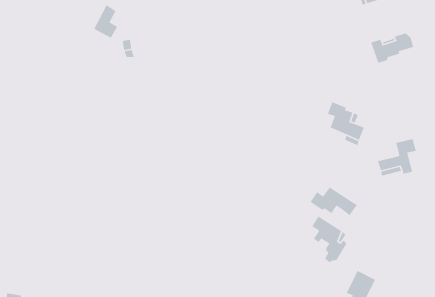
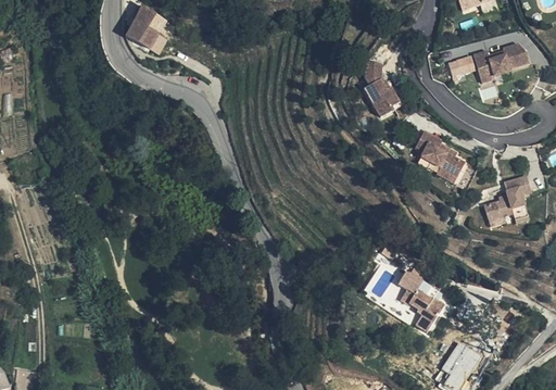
building: none -> [447,54,476,78]
building: none -> [363,59,397,114]
building: [309,186,358,216] -> none

